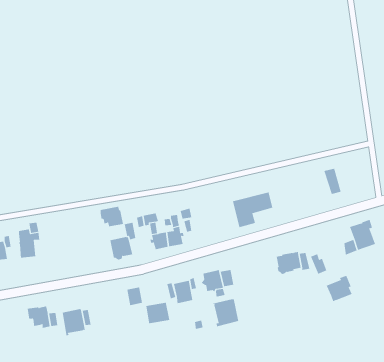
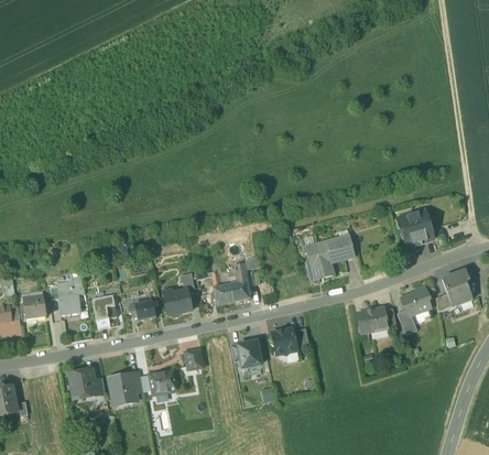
building: none -> [398,213,421,245]
building: [100,206,124,227] -> [128,295,155,319]
building: none -> [91,294,118,327]
building: [326,275,353,302] -> [400,284,431,315]
building: [212,299,239,327] -> none
building: [146,302,170,324] -> [149,368,177,393]

